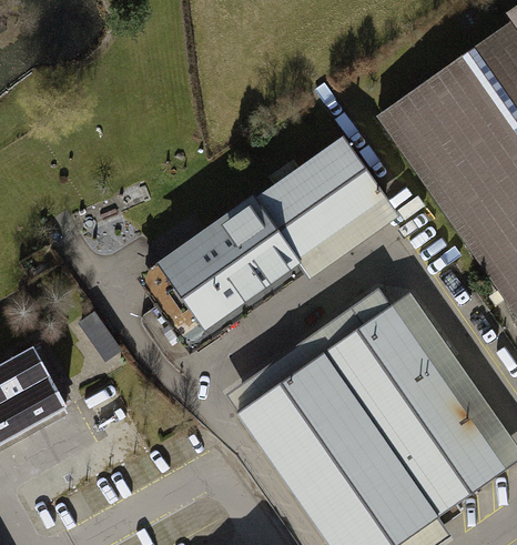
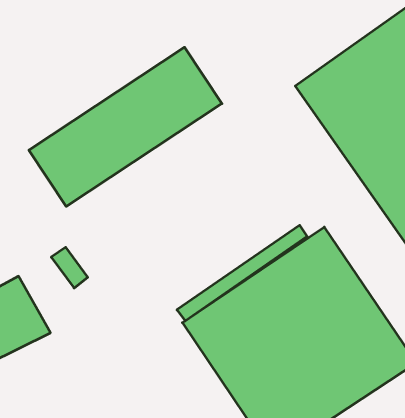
building: [158,137,393,331] -> [29,47,222,206]

